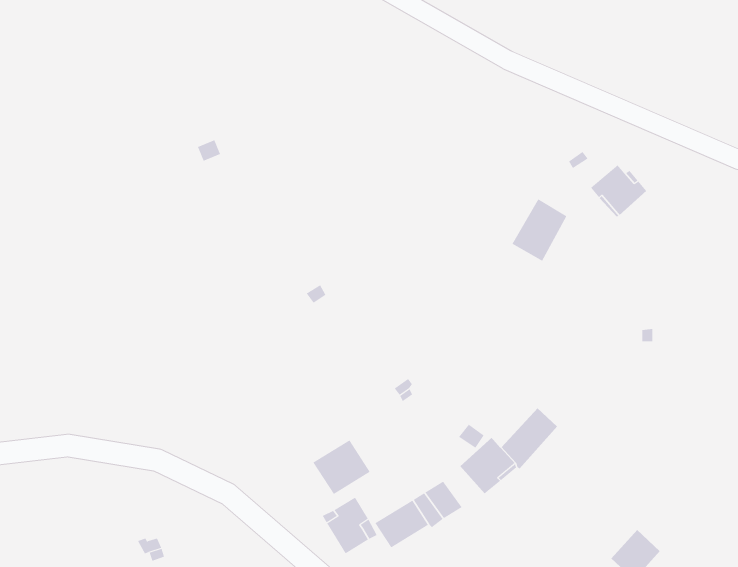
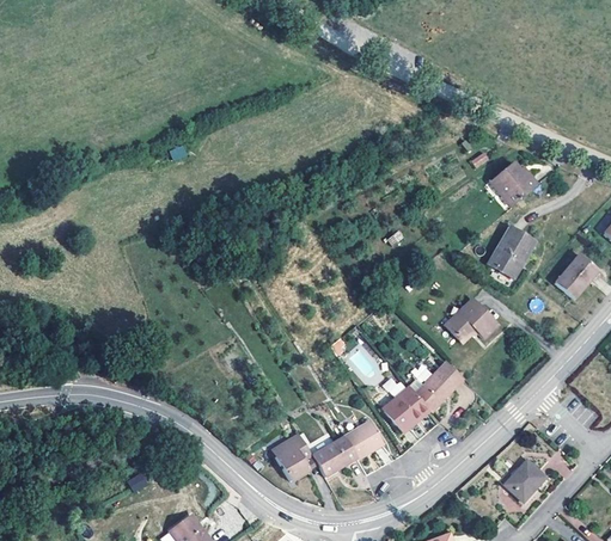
building: [512,198,567,261] -> [489,226,534,277]
building: none -> [555,253,598,299]
building: none -> [446,299,497,342]
building: [313,439,371,495] -> none

